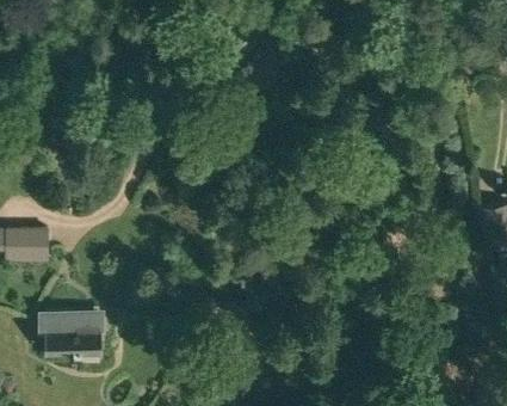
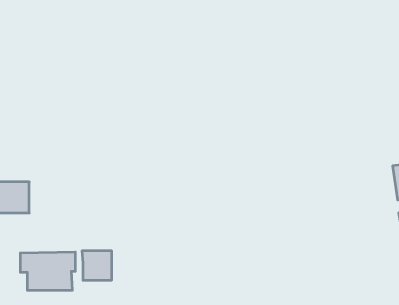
building: none -> [82,251,111,280]

